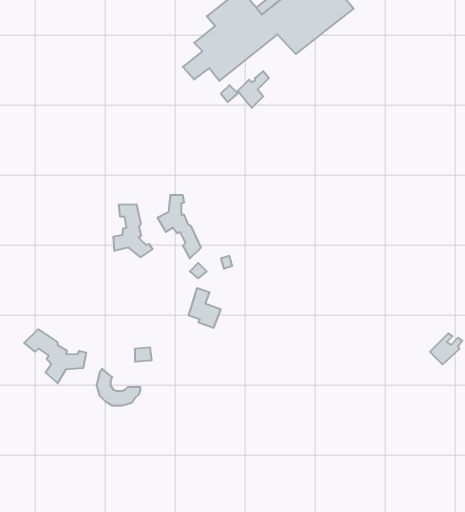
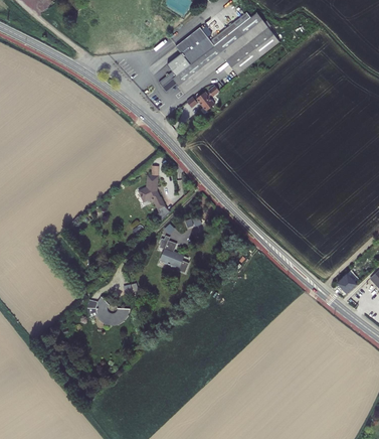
building: [113,204,152,257] -> none
building: [24,329,86,383] -> none

